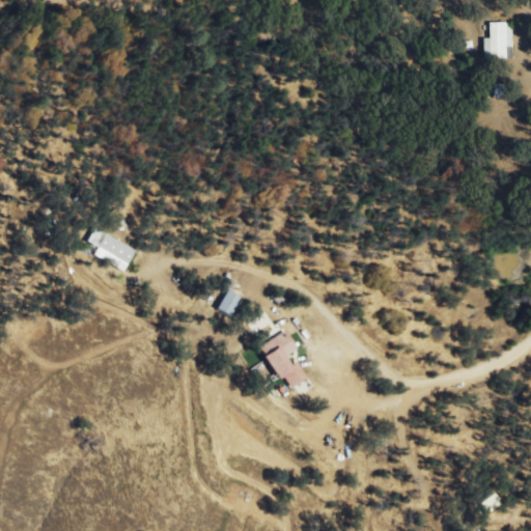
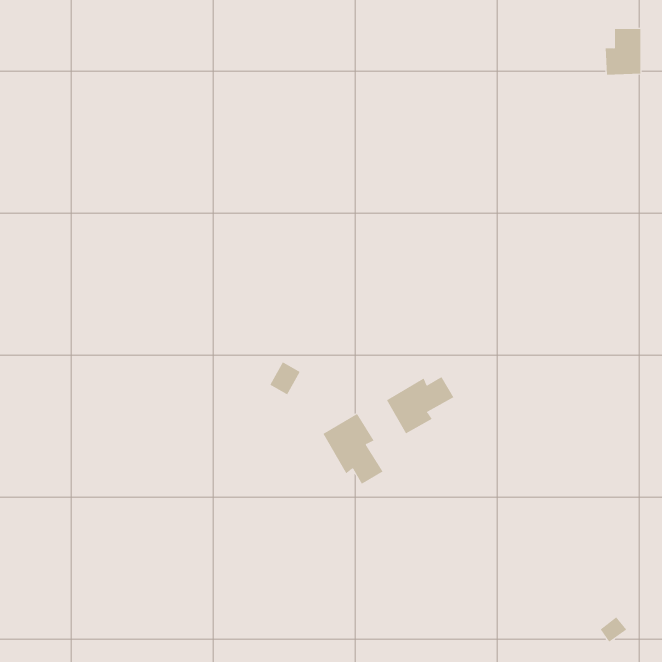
building: [85,227,135,264] -> none
building: none -> [386,376,454,434]

